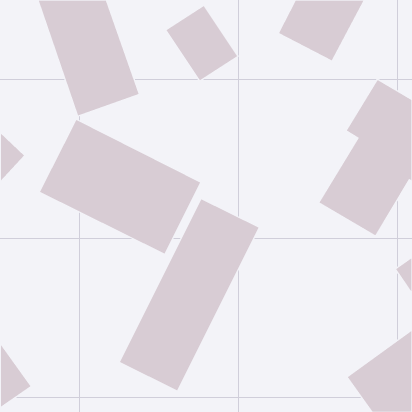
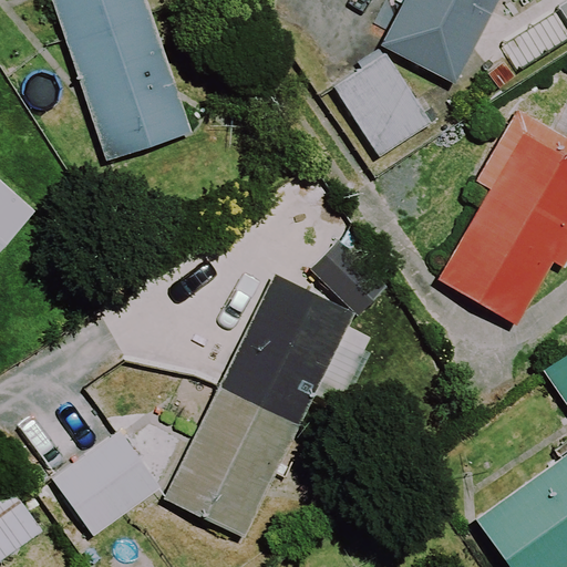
building: [166,5,238,81] -> [333,52,433,156]
building: [39,119,201,254] -> none
building: none -> [53,430,162,536]

